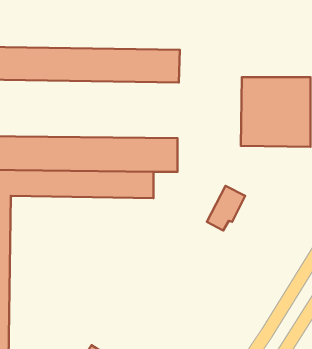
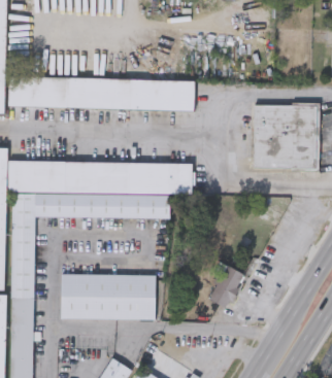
building: [207,186,245,231] -> [208,266,244,308]
building: none -> [60,273,155,319]

